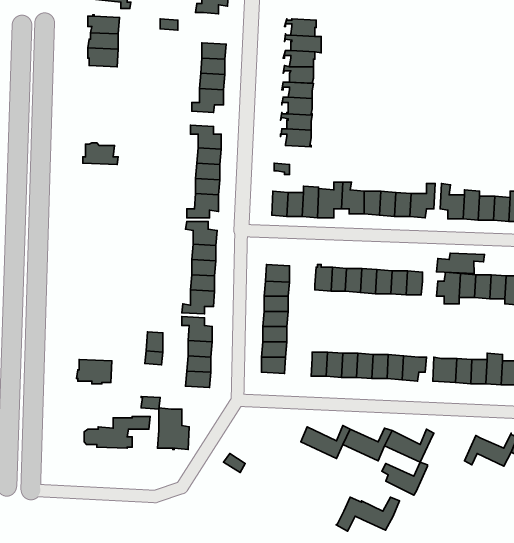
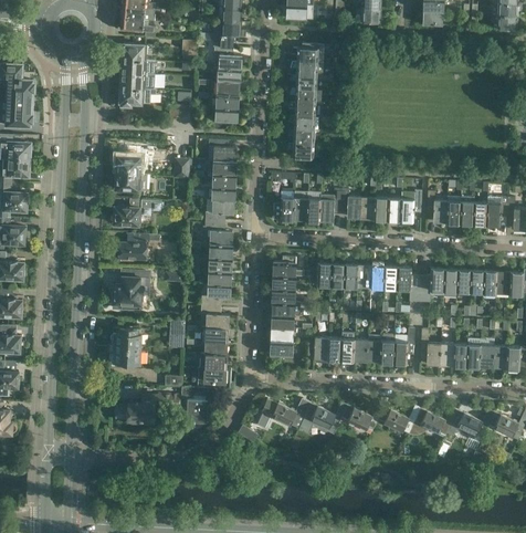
building: none -> [213,48,242,70]
building: none -> [120,88,156,106]
building: none -> [115,174,147,192]
building: none -> [113,200,164,227]
building: none -> [119,234,149,260]
building: [436,253,484,273] -> none
building: none -> [114,271,149,311]
building: none -> [111,328,141,346]
building: none -> [192,368,225,389]
building: [382,462,428,495] -> [418,408,457,437]
building: [336,497,399,531] -> [255,400,311,430]

